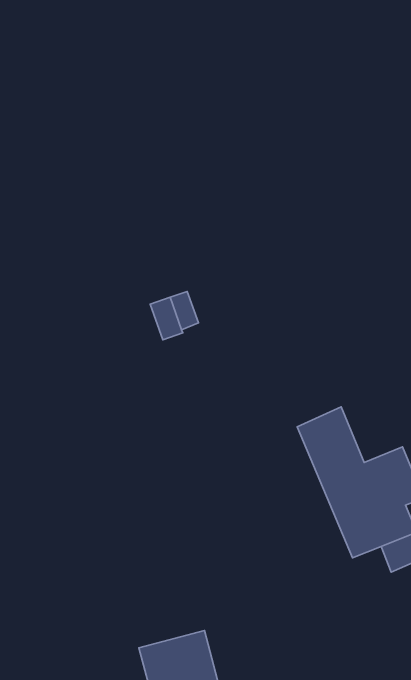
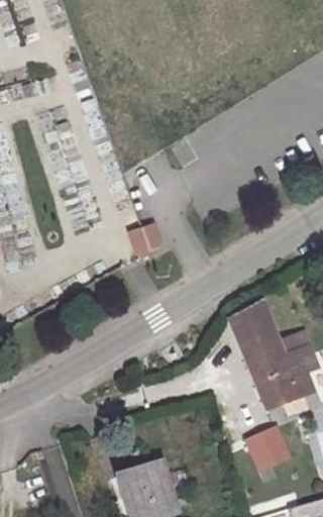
building: none -> [247,427,289,470]

